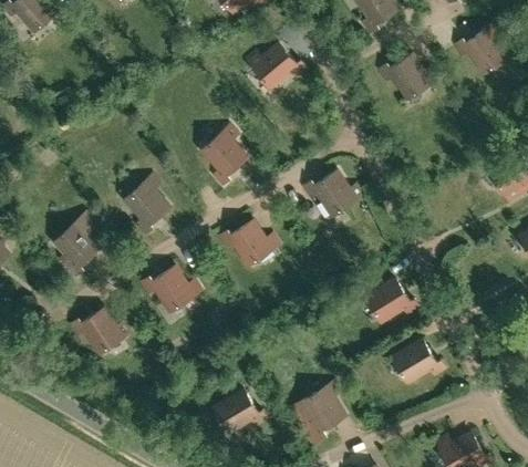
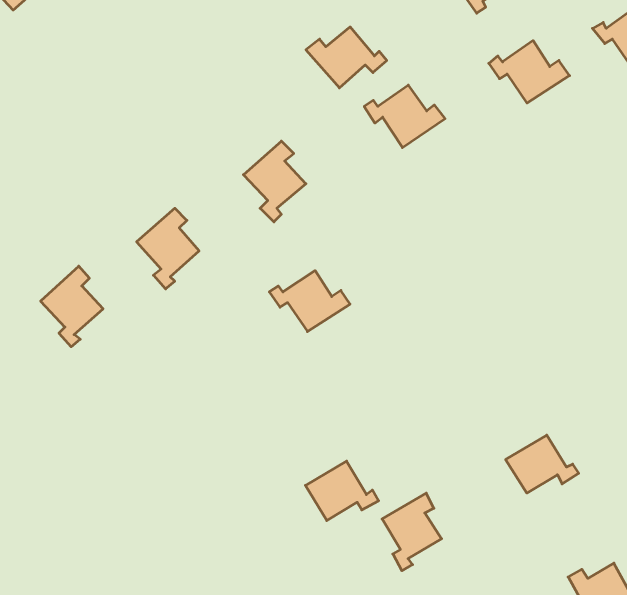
building: [303,170,362,216] -> [364,85,445,148]
building: [141,267,199,311] -> none
building: [361,279,417,322] -> none
building: [70,309,128,353] -> none
building: [213,390,266,433] -> [305,461,379,521]

